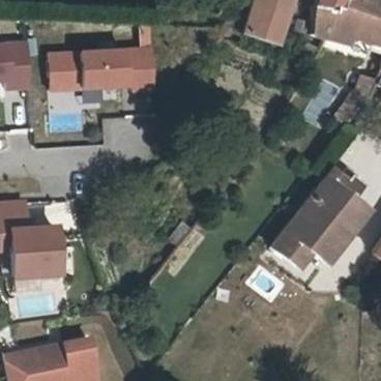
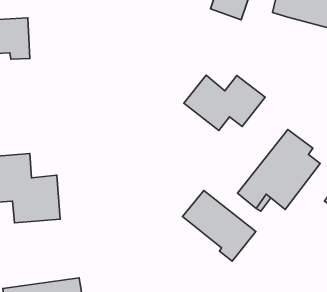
building: [53,46,160,92] -> none
building: none -> [184,75,265,131]
building: none -> [183,190,256,261]

